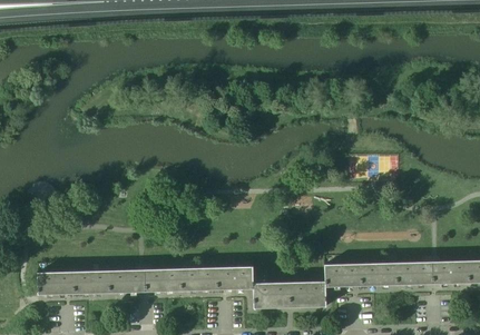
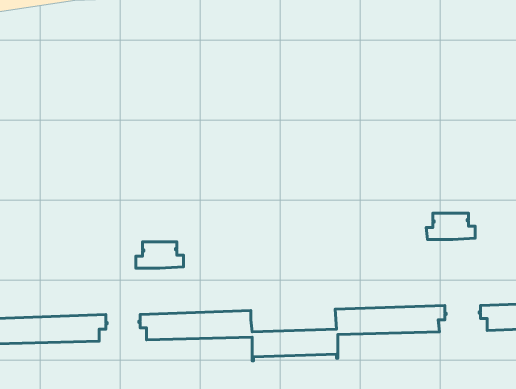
building: [411,262,452,284] -> [426,213,475,239]
building: [125,269,165,292] -> [136,242,183,268]

